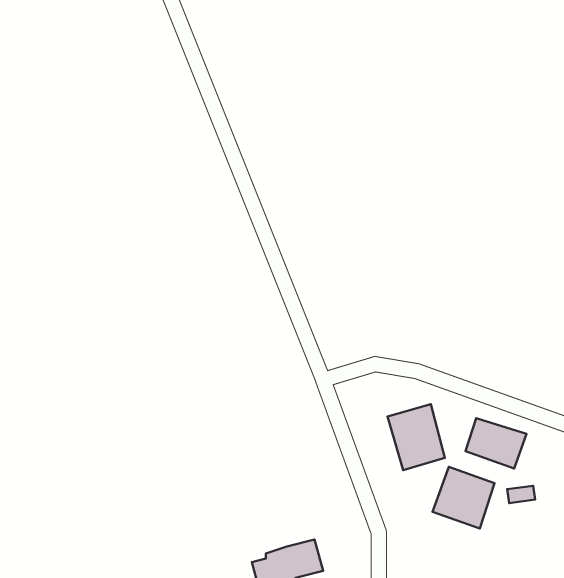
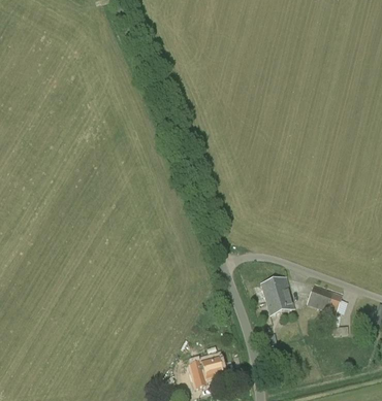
building: [433,467,495,529] -> none

